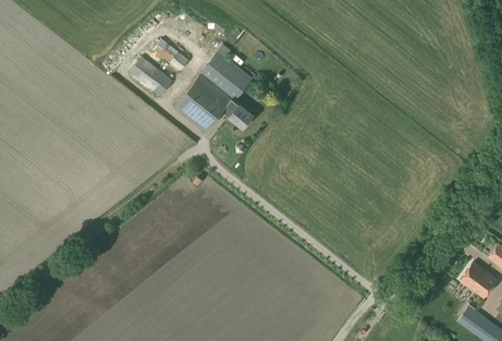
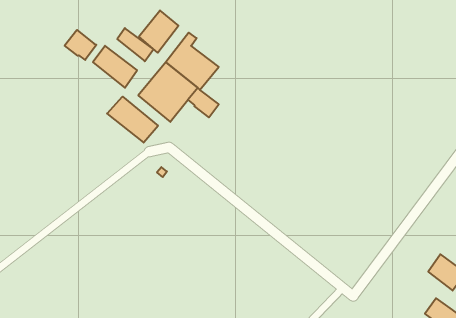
building: none -> [139,10,178,53]
building: none -> [65,30,96,60]
building: none -> [107,97,158,143]

